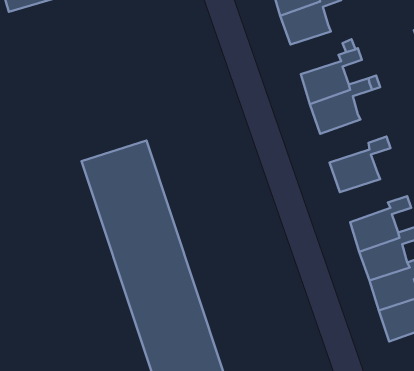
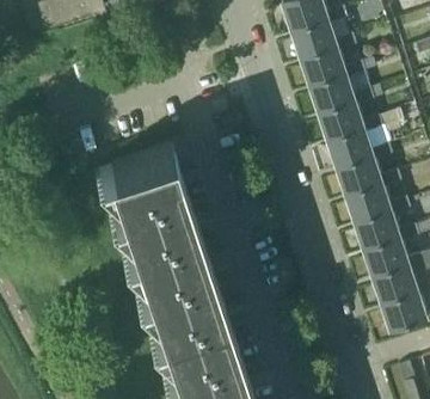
building: none -> [300,33,356,85]
building: none -> [327,116,383,166]
building: none -> [345,170,401,221]

